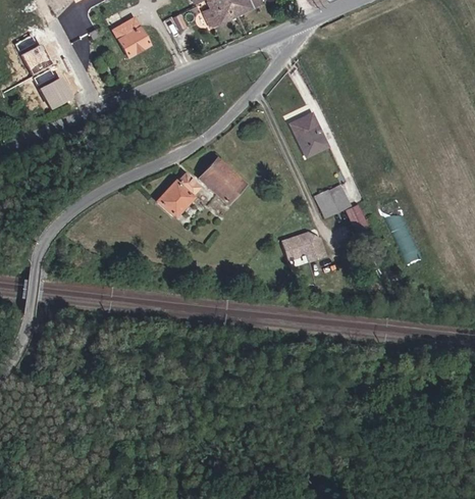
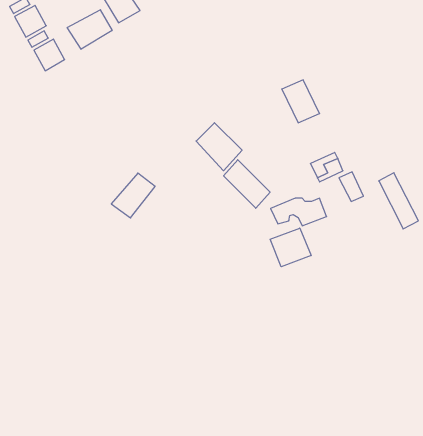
building: none -> [67,10,112,49]
building: [155,171,199,216] -> [111,173,155,218]
building: none -> [224,160,270,208]
building: none -> [270,228,311,267]

